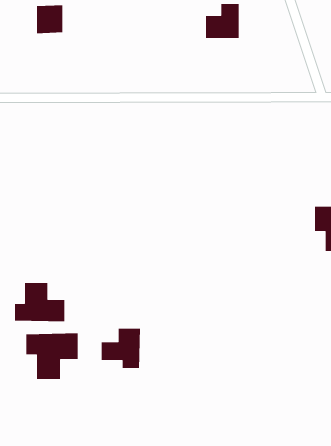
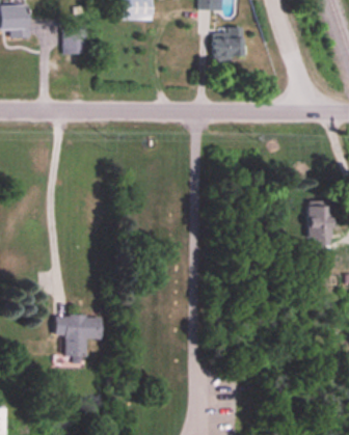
building: [14,282,65,322] -> none
building: [101,328,141,369] -> none

